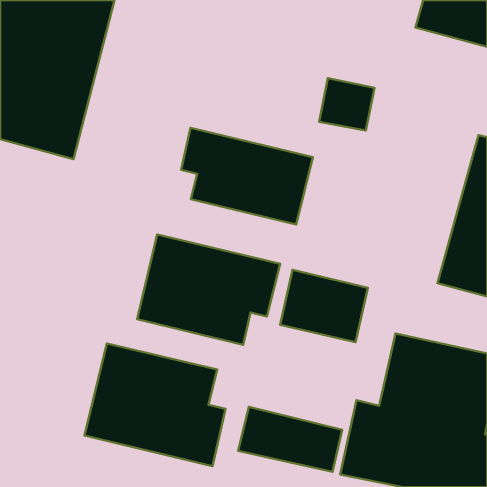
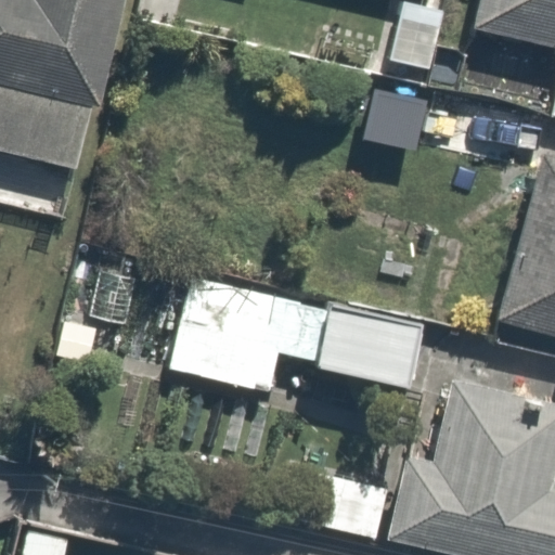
building: [181,128,313,224] -> none
building: [84,343,225,466] -> none

